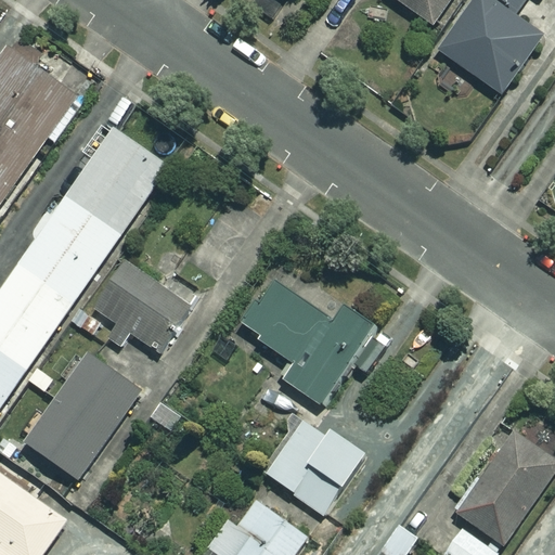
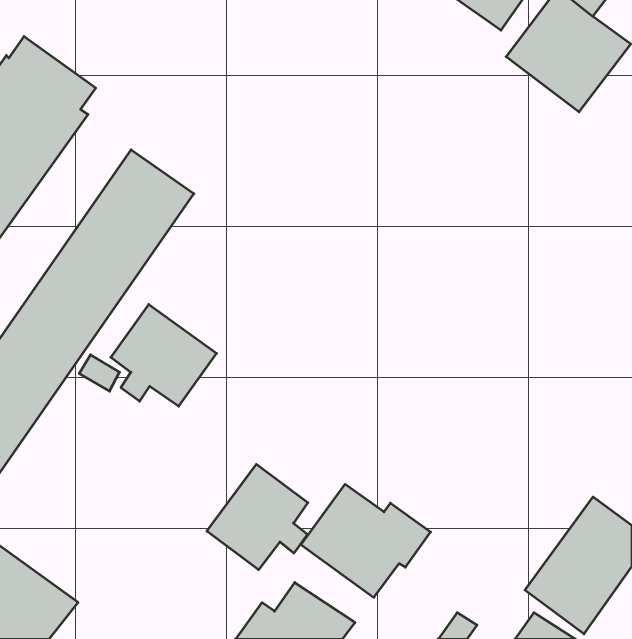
building: [243,280,375,404] -> none
building: [26,352,139,477] -> none
building: none -> [207,464,308,570]

